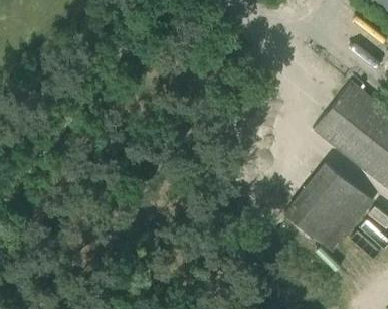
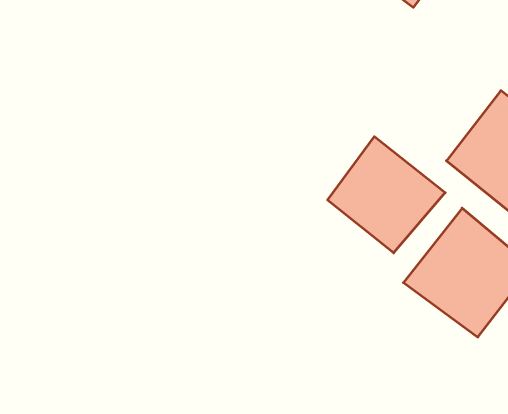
building: none -> [328,137,445,253]

